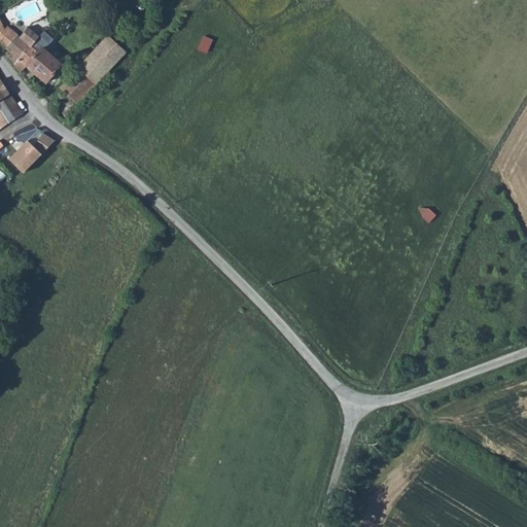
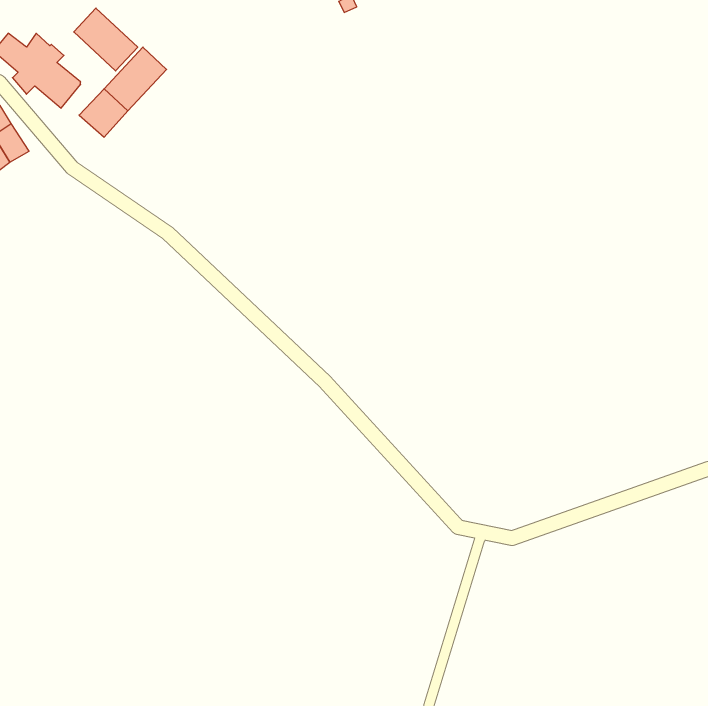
building: none -> [74,8,138,71]
building: [12,131,58,171] -> none

